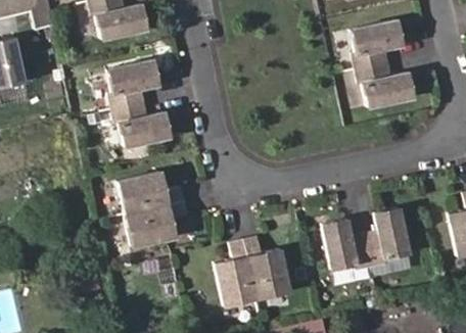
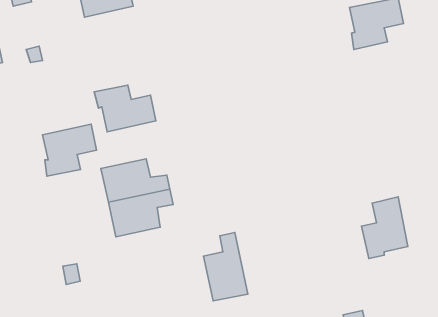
building: [107,60,158,109] -> [43,124,97,176]
building: [357,62,415,107] -> none
building: [322,220,371,271] -> none
building: [244,239,289,300] -> none

